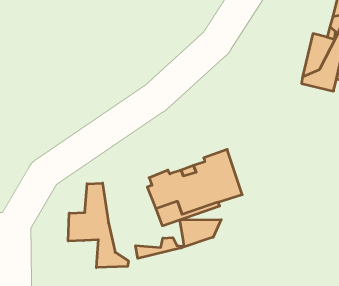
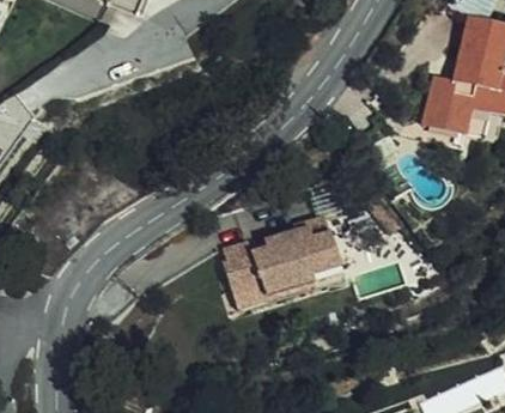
building: [68,183,128,268] -> none
building: [136,220,221,258] -> none

